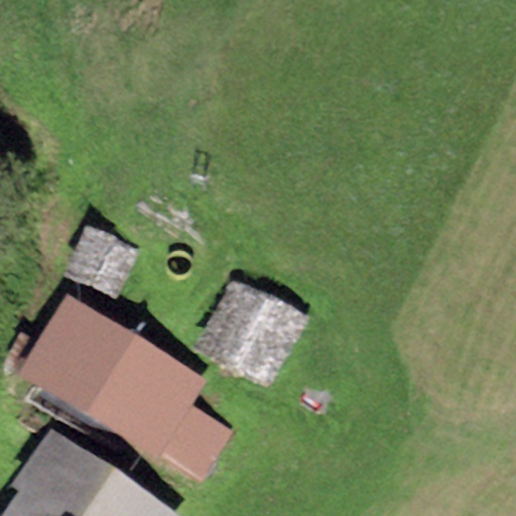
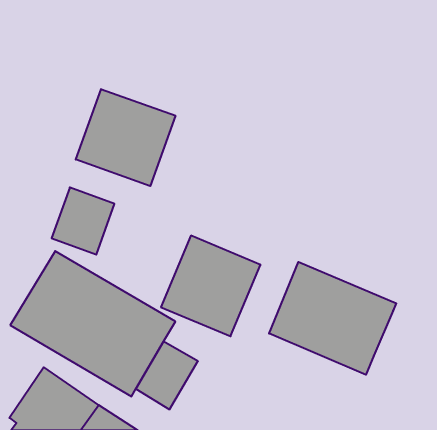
building: none -> [76,89,175,186]
building: none -> [269,262,396,375]

